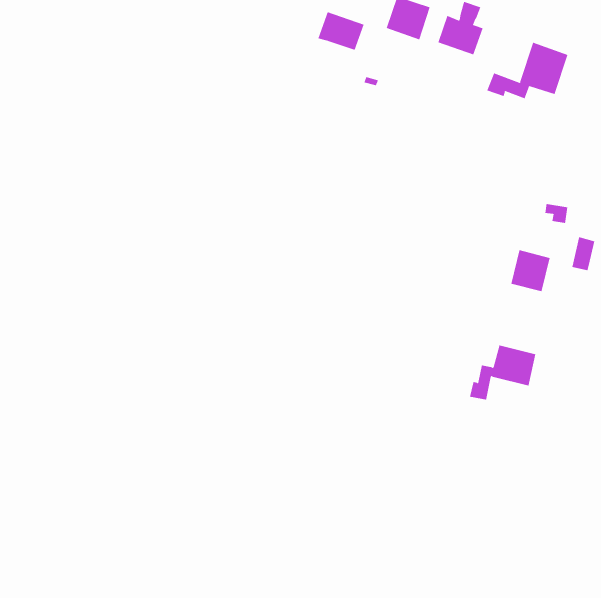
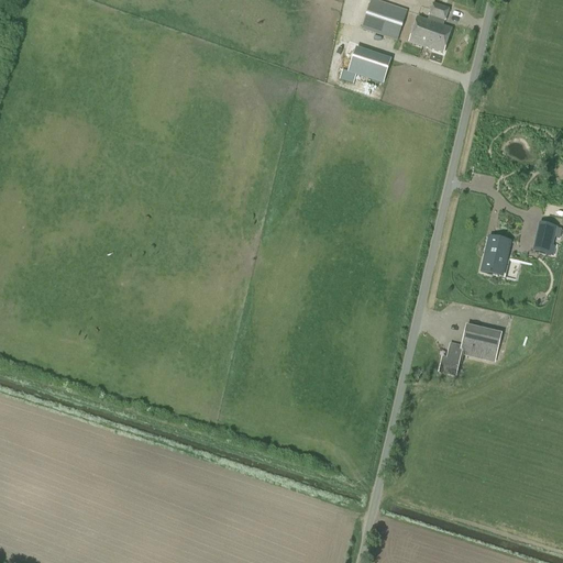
building: [318,12,365,50] -> [347,45,391,81]
building: [487,42,568,99] -> none

